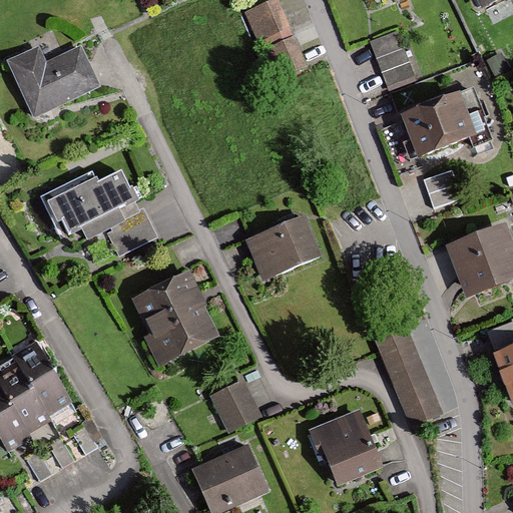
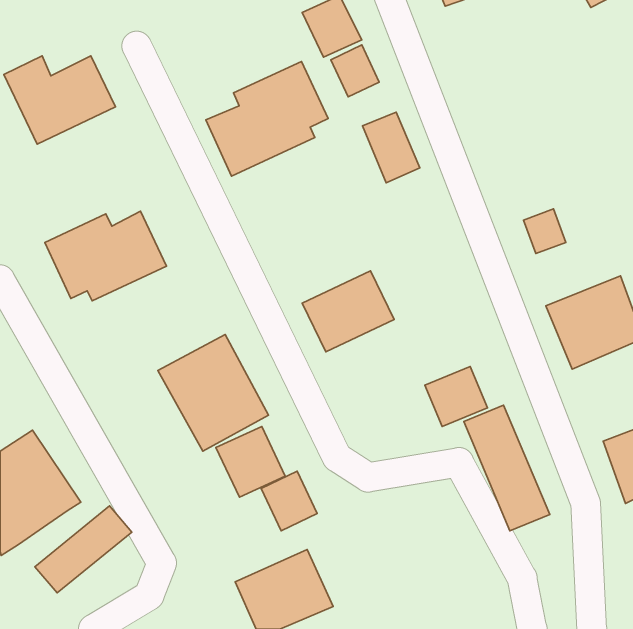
building: [371,29,417,86] -> [363,112,420,183]
building: none -> [206,61,328,176]
building: [397,88,491,156] -> none
building: none -> [425,367,488,426]
building: none -> [216,426,285,497]
building: [315,413,384,487] -> none

